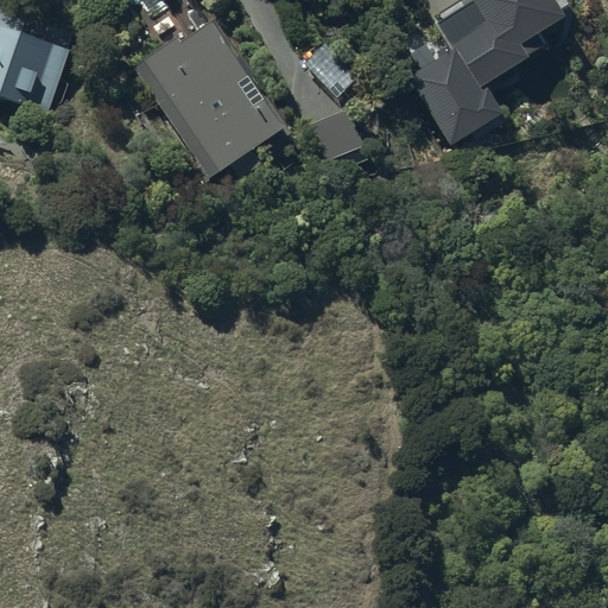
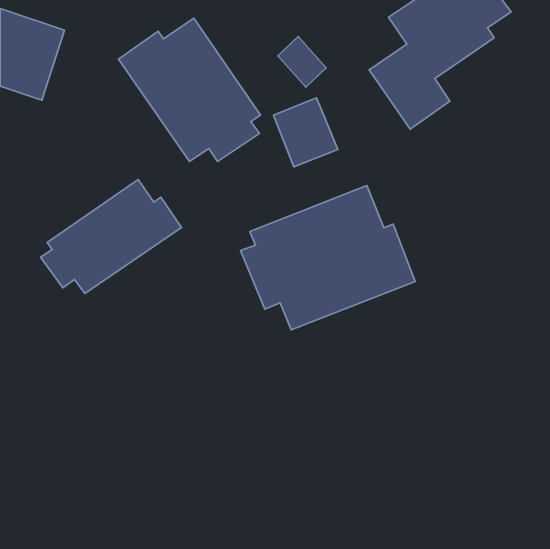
building: none -> [41,180,181,294]
building: none -> [241,185,415,330]

